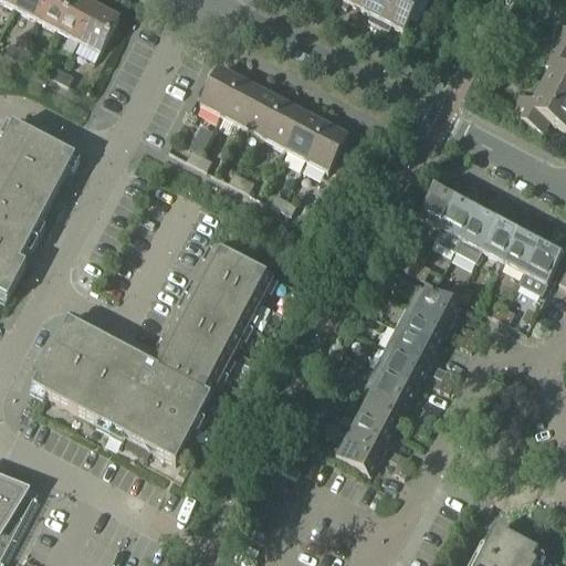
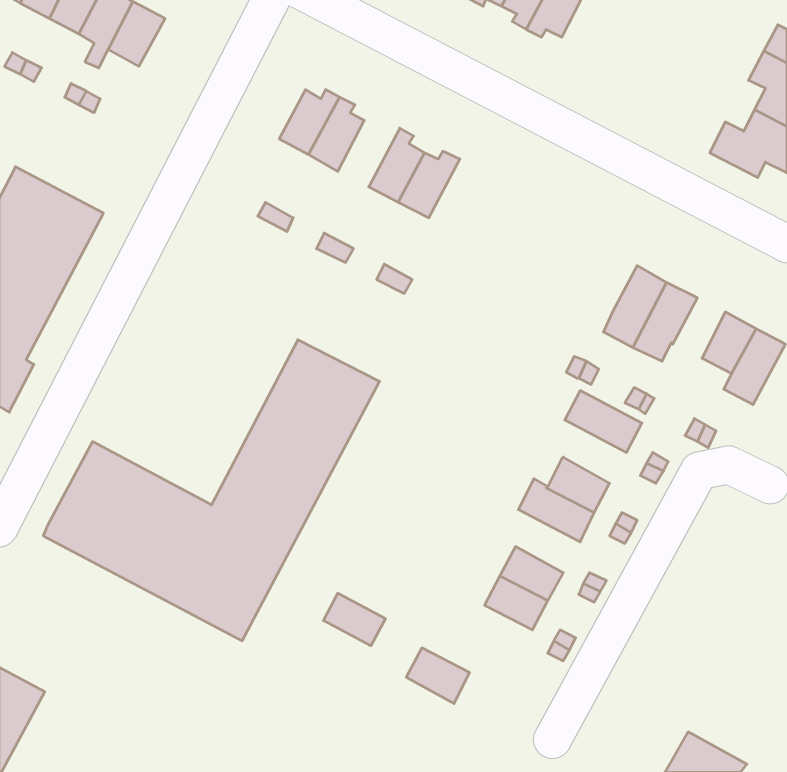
building: [242,86,286,134] -> none
building: [307,114,347,168] -> none
building: [418,179,457,223] -> none
building: [482,213,520,256] -> none
building: [394,301,449,346] -> none
building: [360,365,416,410] -> none
building: none -> [323,593,385,646]
building: [336,433,381,473] -> [406,648,470,704]

